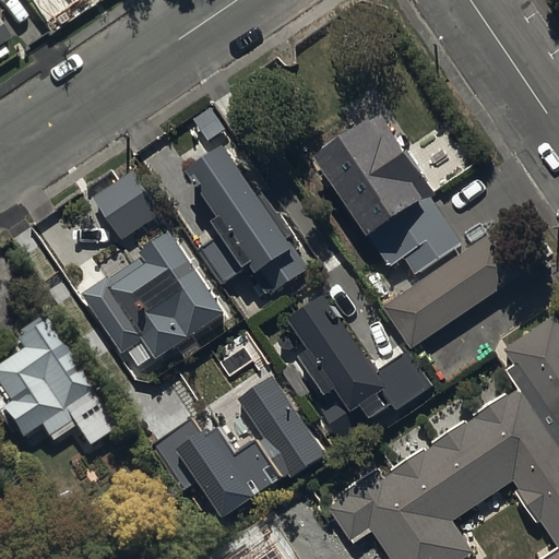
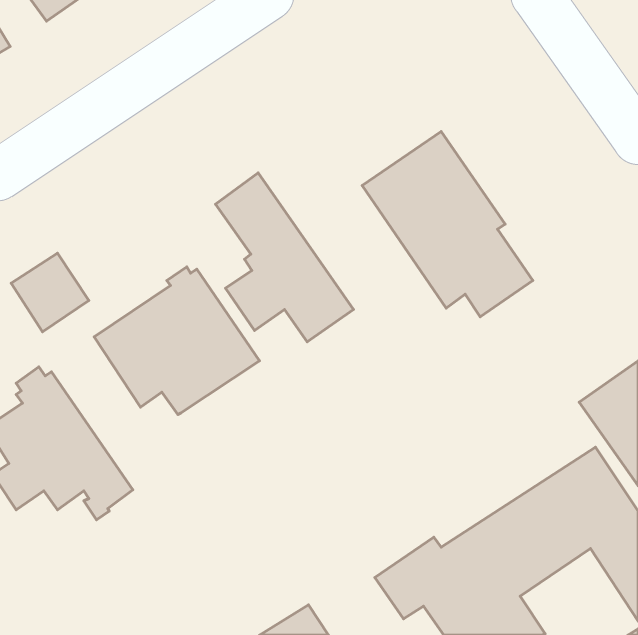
building: [92,167,159,236] -> [11,253,89,332]
building: [384,224,537,349] -> none
building: [294,302,431,440] -> none
building: [150,371,323,513] -> none

